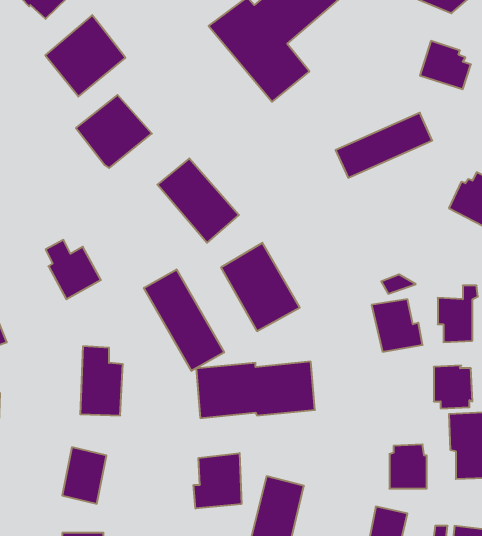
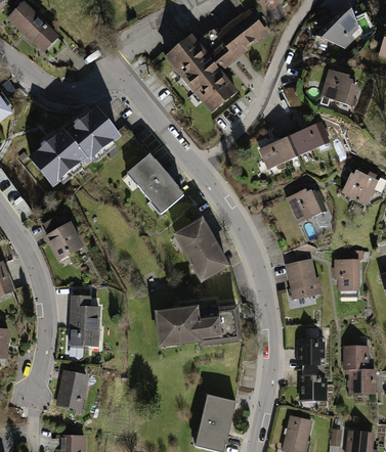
building: [45,15,125,97] -> [28,129,87,189]
building: none -> [285,189,328,224]
building: [144,269,224,371] -> none
building: [434,366,472,408] -> [296,336,325,368]
building: [194,453,241,509] -> none

